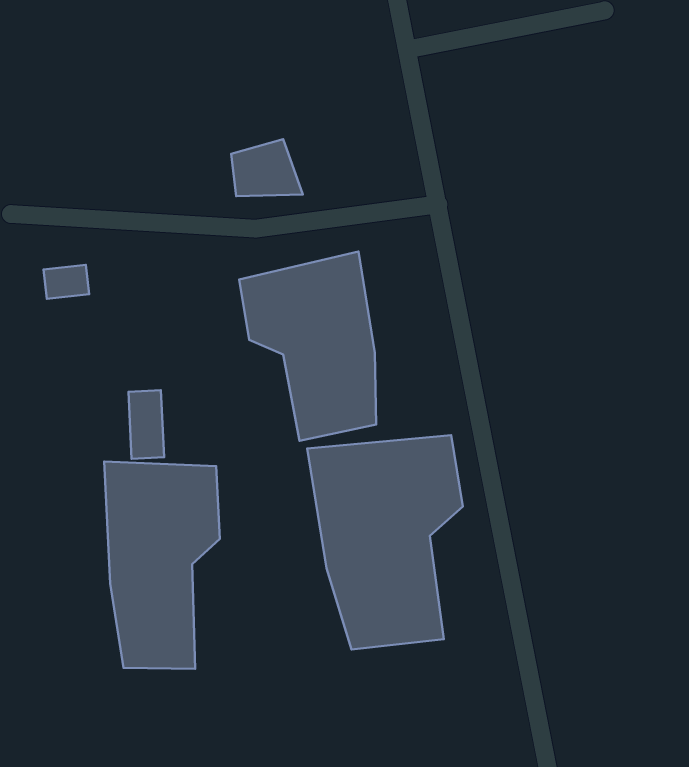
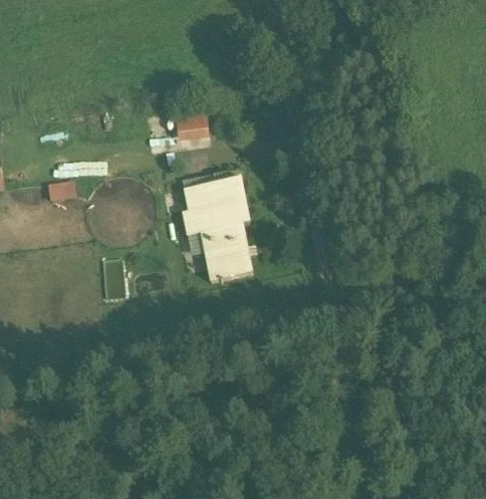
building: [307,435,463,649] -> none
building: [104,462,220,669] -> none

